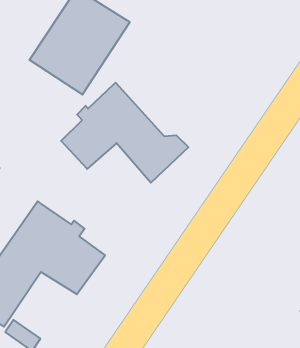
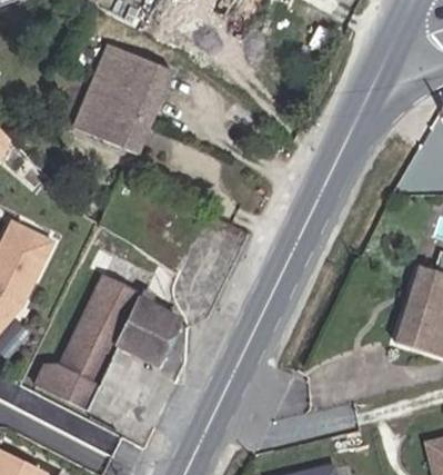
building: [61,83,188,183] -> none

